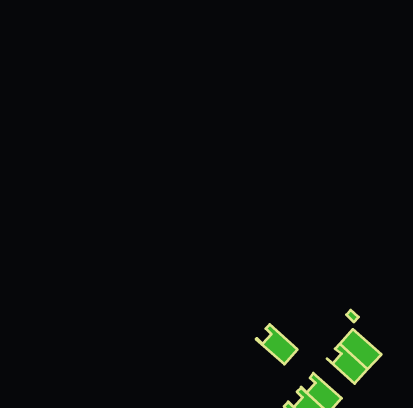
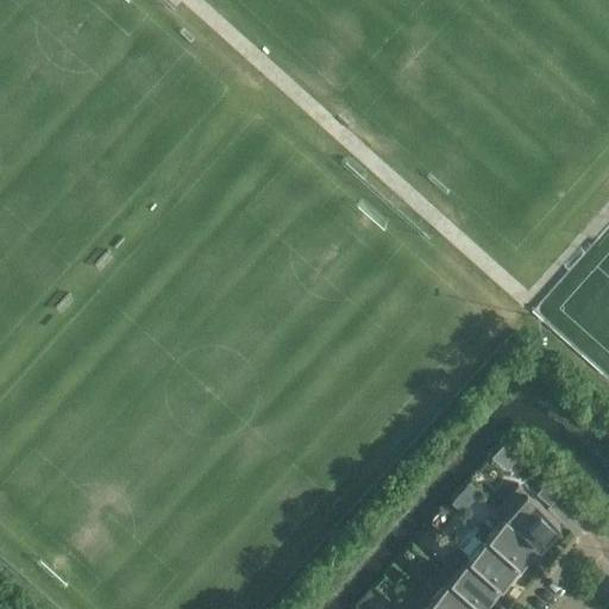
building: [256,324,297,364] -> [462,535,522,594]

